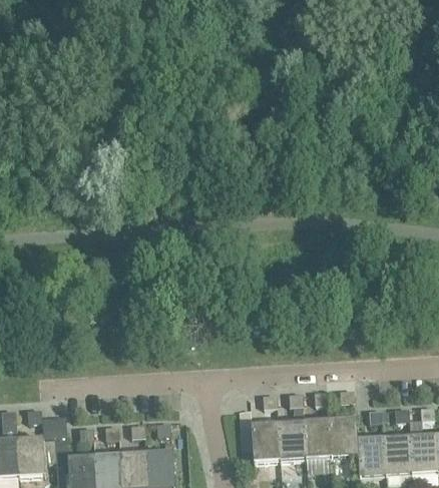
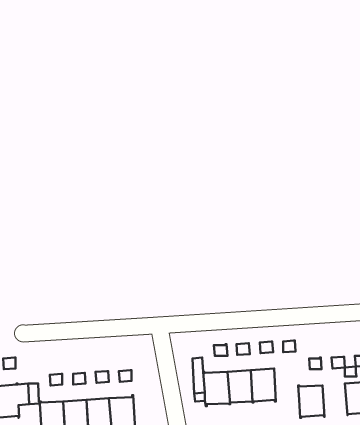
building: [330,416,358,456] -> none
building: [384,436,412,473] -> none

